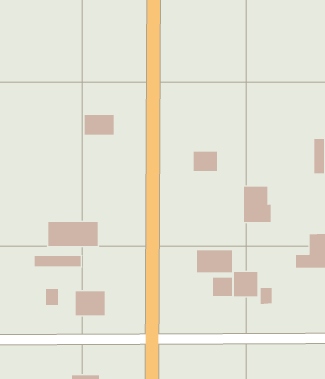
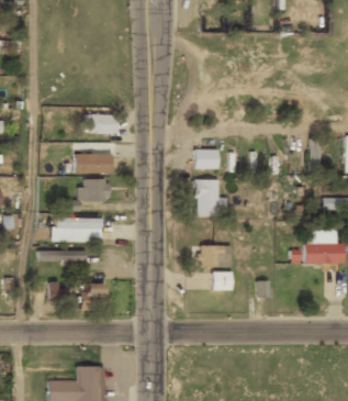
building: none -> [74,154,112,175]
building: none -> [79,180,110,201]
building: [243,186,272,222] -> [195,180,223,215]
building: [233,271,258,297] -> none

